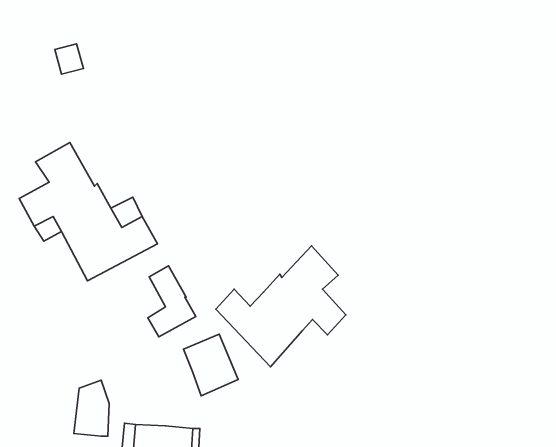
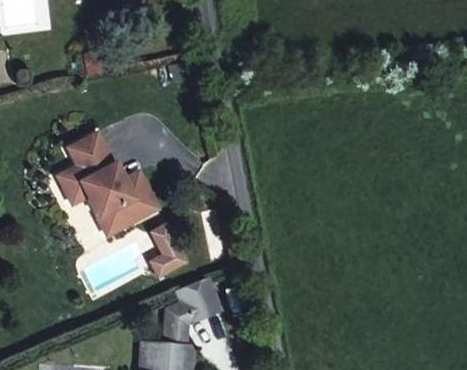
building: [216,246,346,367] -> none
building: [74,380,109,436] -> [165,301,191,342]

